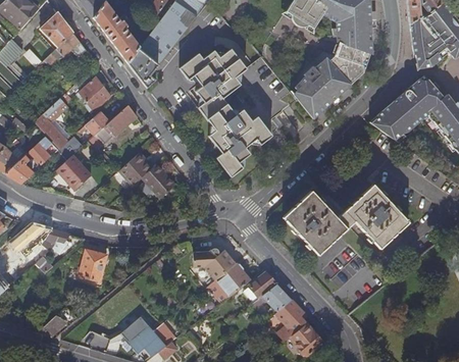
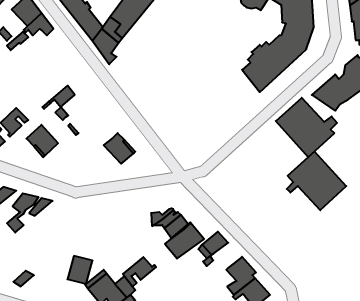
building: [180,48,270,175] -> none
building: [79,75,110,110] -> none
building: [34,92,71,148] -> none
building: [96,104,137,144] -> none
building: [118,151,151,185] -> none
building: [282,190,349,255] -> [276,98,337,157]
building: [79,249,106,279] -> [67,256,93,284]
building: [262,283,293,311] -> none
building: none -> [123,257,156,287]

